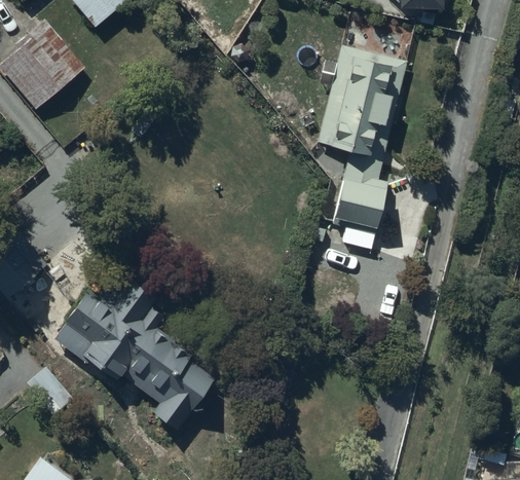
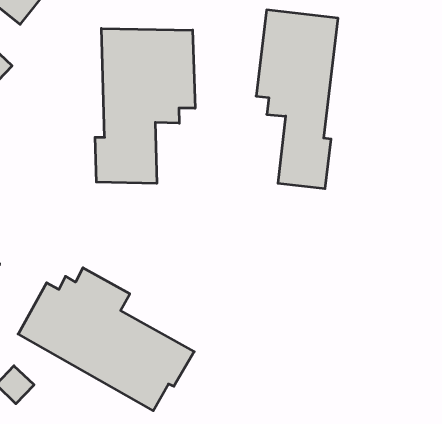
building: none -> [95,28,195,183]

